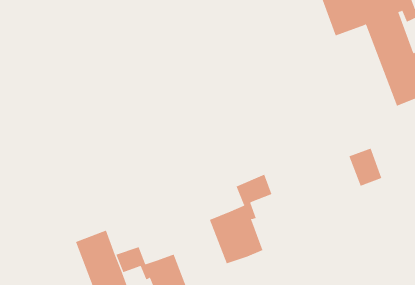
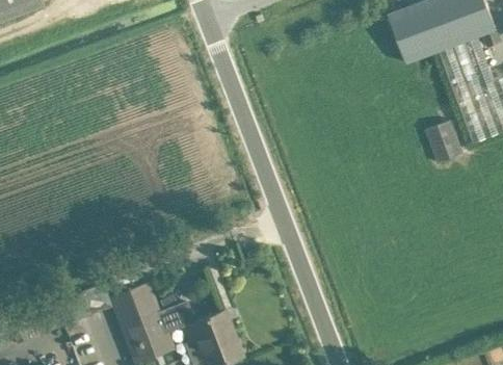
building: [348,148,382,186] -> [425,120,464,163]
building: [209,174,272,264] -> none

